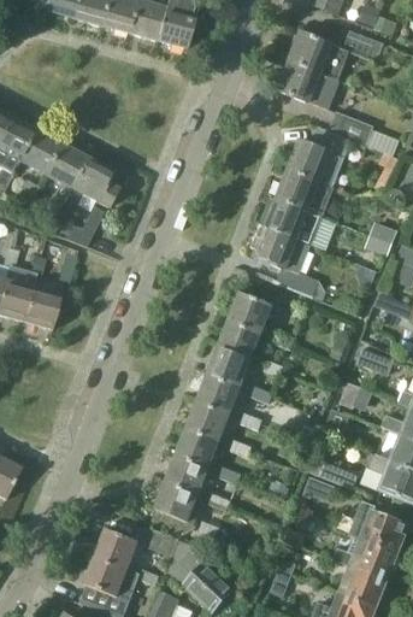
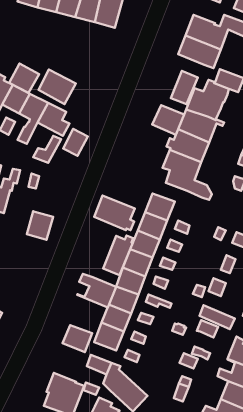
building: none -> [9,63,39,93]
building: none -> [39,70,76,104]
building: none -> [171,71,198,104]
building: none -> [152,105,184,135]
building: none -> [63,129,88,156]
building: [22,286,60,328] -> [27,211,53,240]
building: none -> [94,196,135,230]
building: none -> [103,235,133,275]
building: none -> [77,274,116,307]
building: [95,527,138,566] -> [63,325,92,352]

